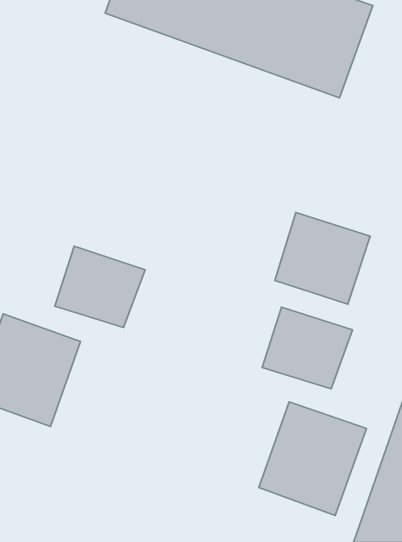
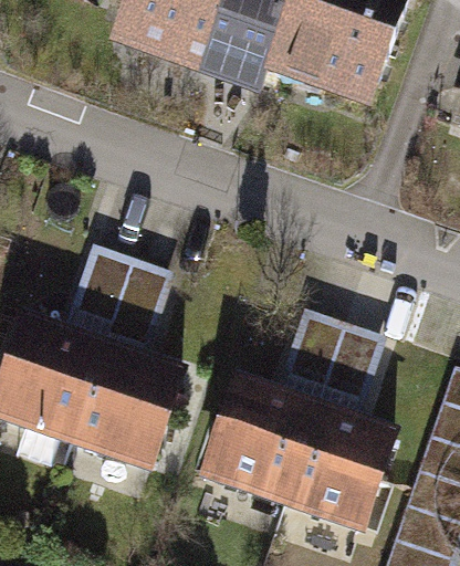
building: [275,213,370,304] -> none
building: none -> [71,354,182,470]
building: none -> [205,388,316,504]

